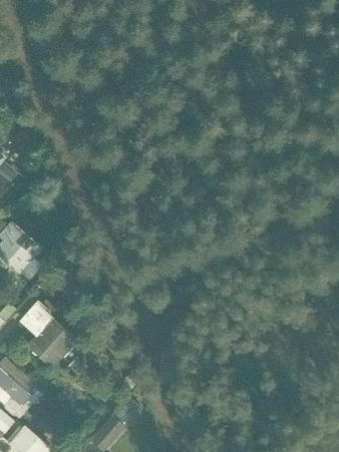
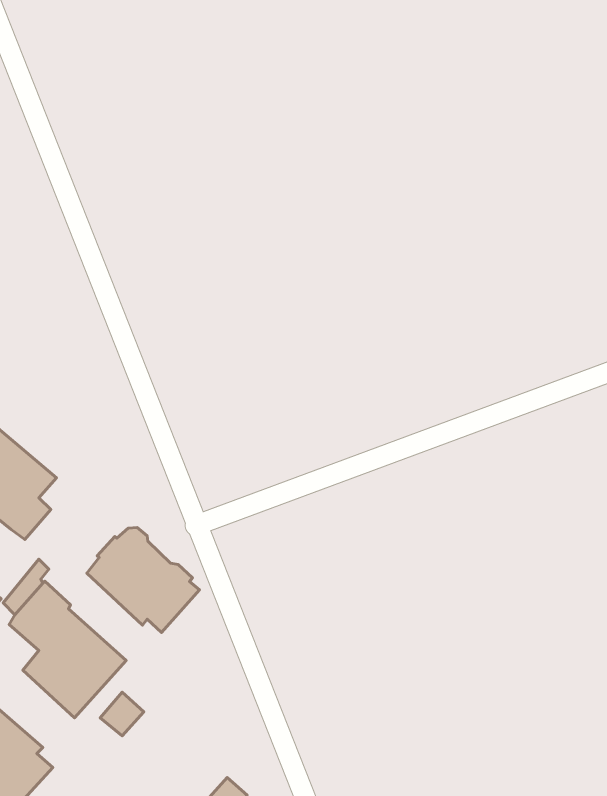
building: none -> [87,528,200,633]

